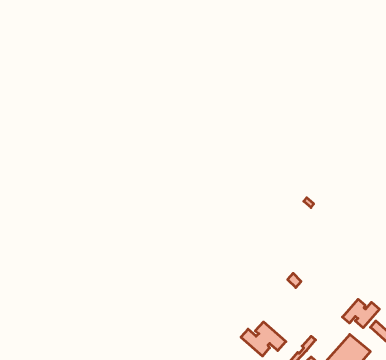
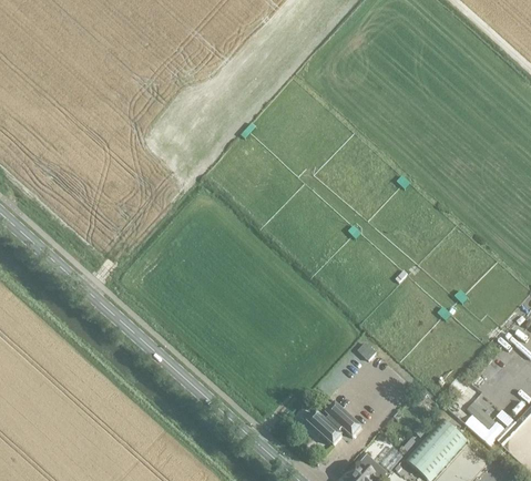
building: [342,299,379,328] -> none

